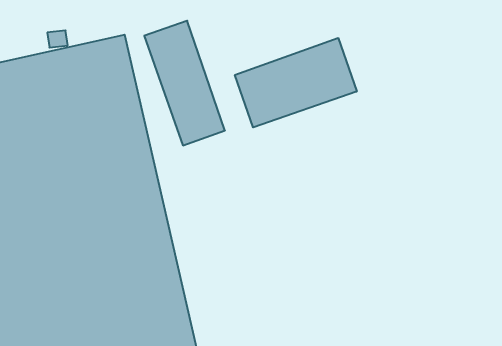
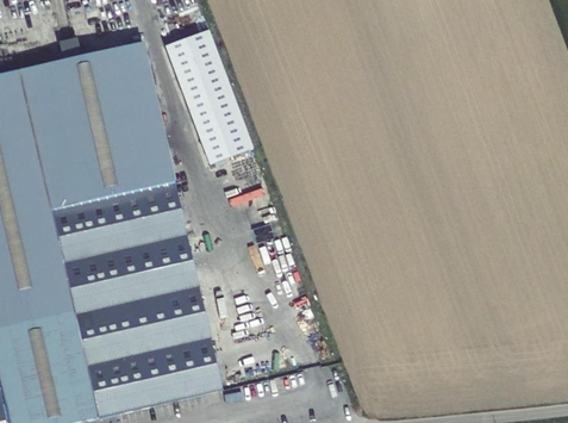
building: [235,38,357,127] -> none

